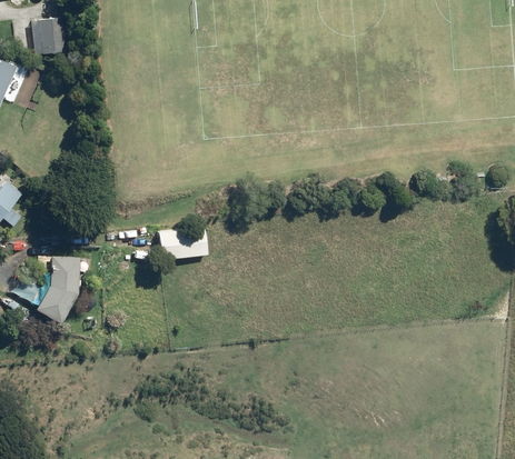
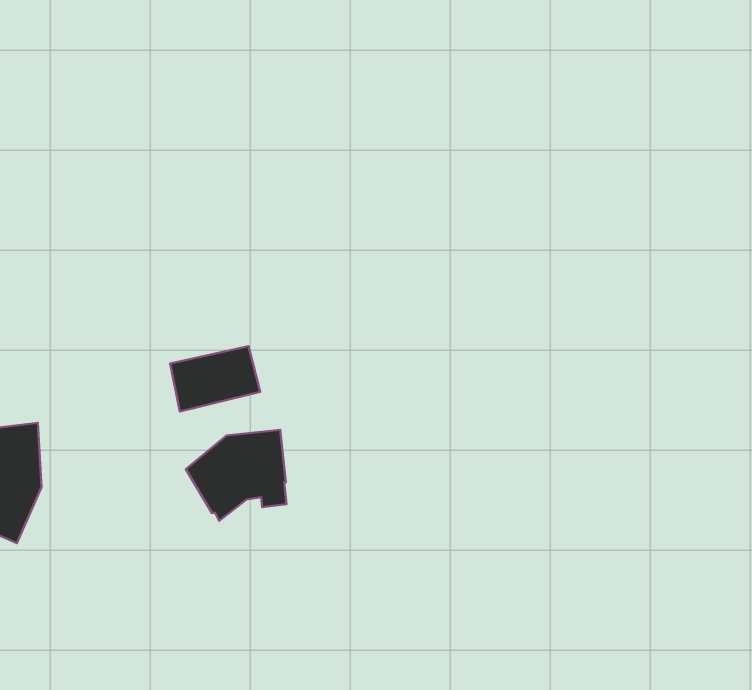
building: none -> [186,430,287,521]

